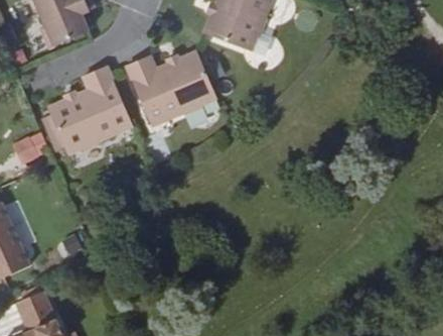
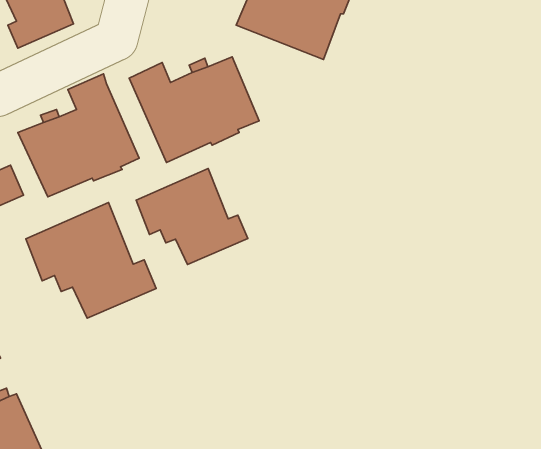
building: none -> [136,168,248,264]
building: none -> [26,202,156,318]

